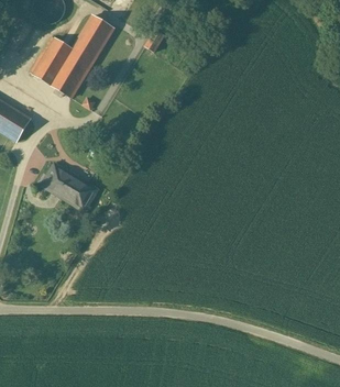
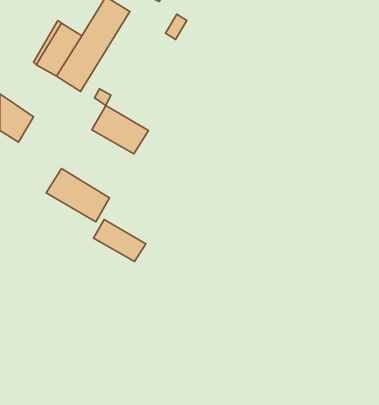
building: none -> [92,105,149,154]
building: none -> [93,219,146,262]

